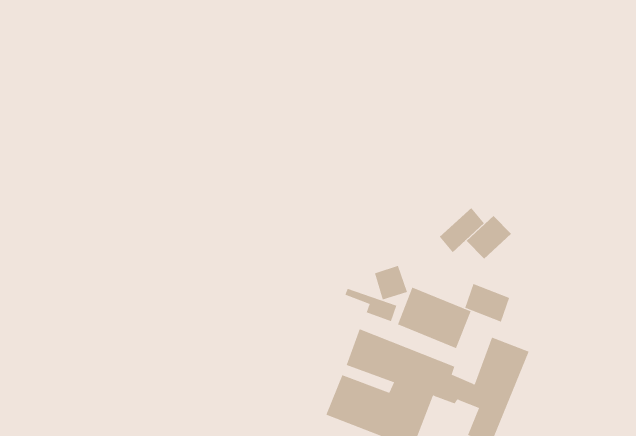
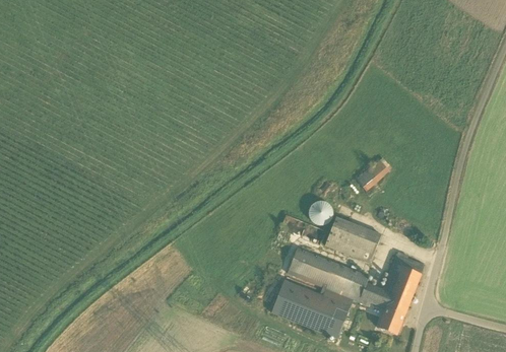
building: [466,215,512,259] -> none
building: [464,283,510,322] -> none

